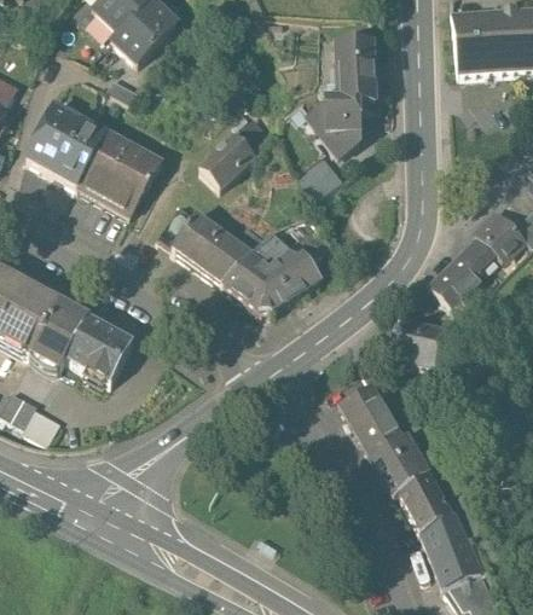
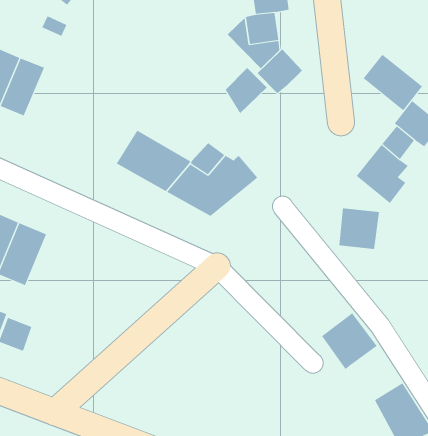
building: [77,134,156,211] -> none
building: [199,134,254,187] -> none
building: none -> [257,48,303,94]
building: none -> [363,54,423,111]
building: [65,313,132,379] -> none
building: [338,378,407,454] -> none
building: [399,471,453,529] -> none

